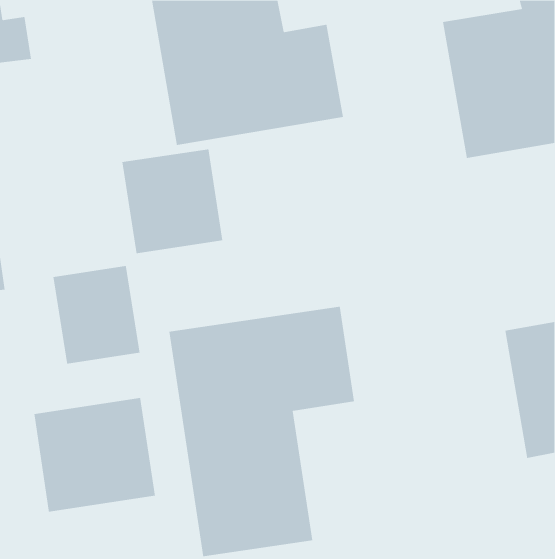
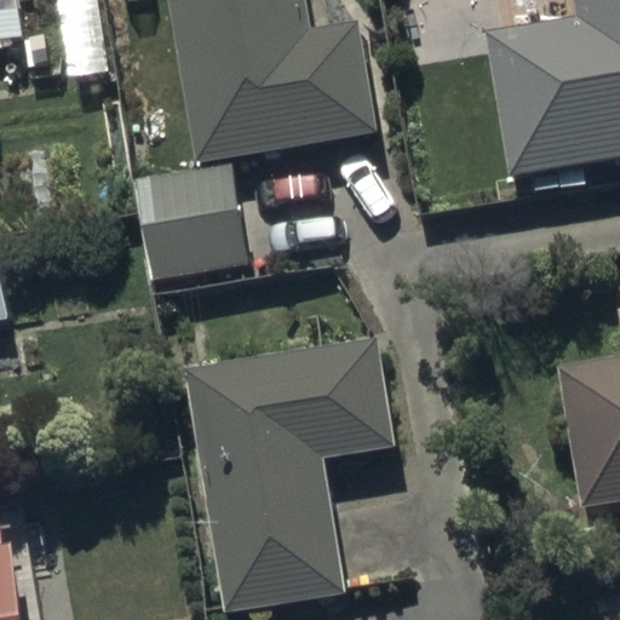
building: [53,265,140,365] -> none
building: [34,397,155,512] -> none

